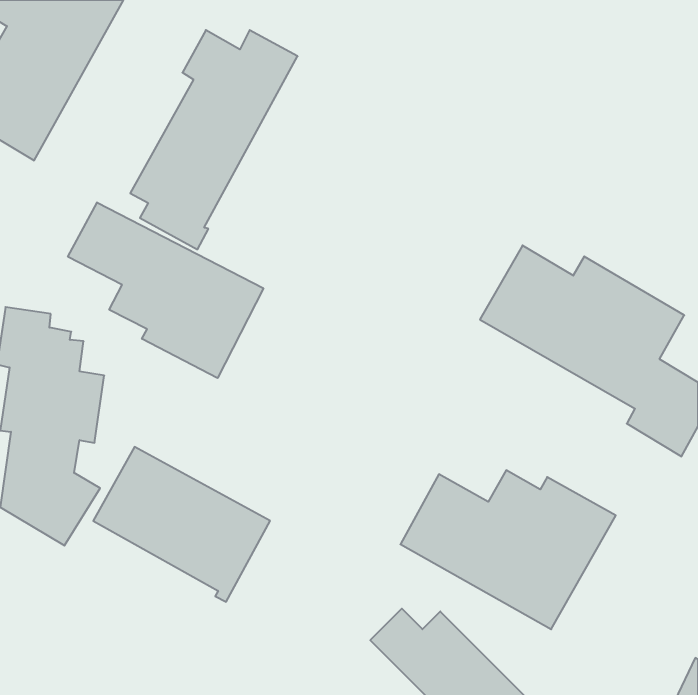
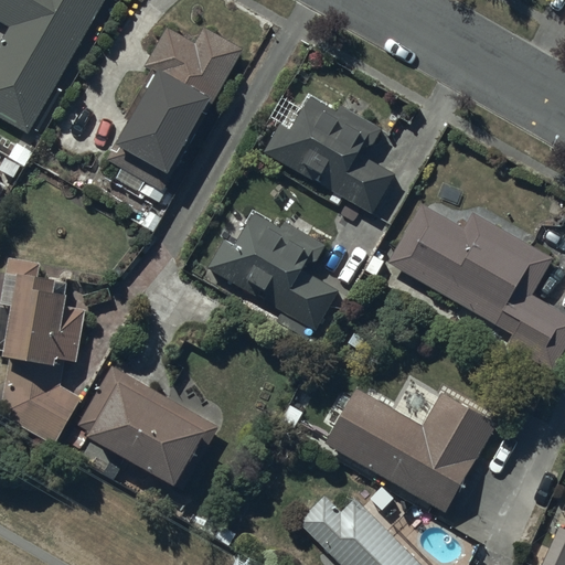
building: none -> [265,96,393,212]
building: [68,202,263,378] -> none
building: none -> [207,212,338,330]

